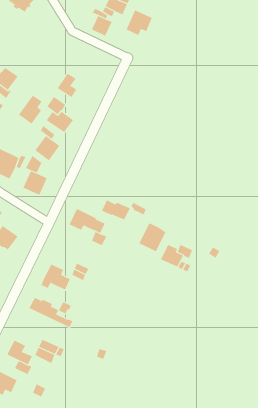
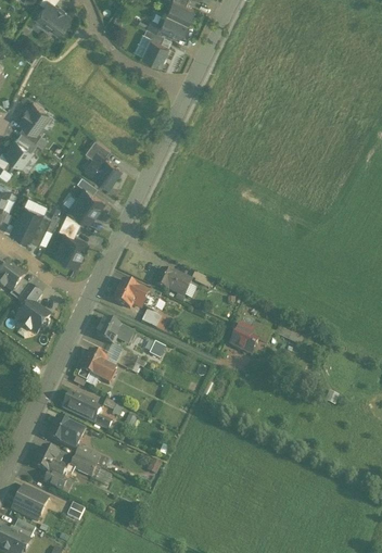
building: [126,10,153,36] -> none
building: [57,72,77,98] -> none
building: [18,95,42,125] -> none
building: [138,223,166,252] -> none
building: none -> [98,319,129,344]
building: none -> [49,418,85,450]

